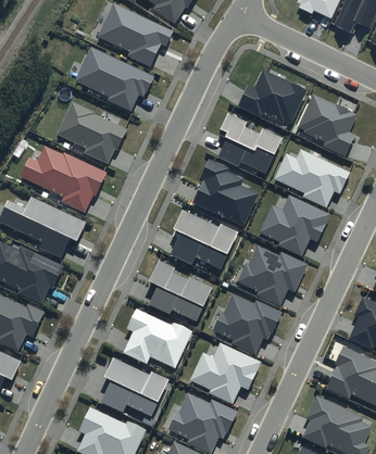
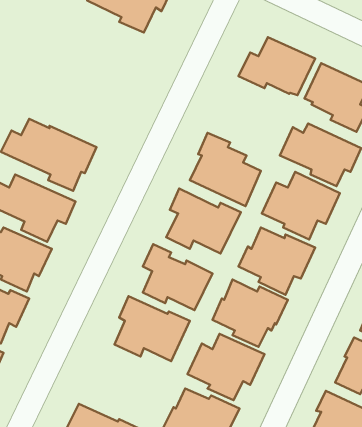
building: [75,47,155,111] -> none
building: [58,101,128,164] -> none
building: [217,113,283,174] -> none
building: [101,357,168,416] -> none

